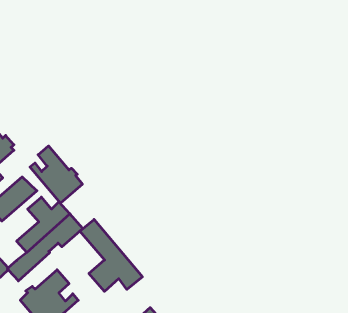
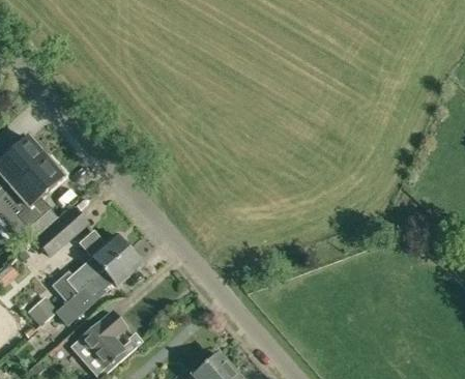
building: [30,146,82,203] -> none
building: [80,219,142,291] -> none

